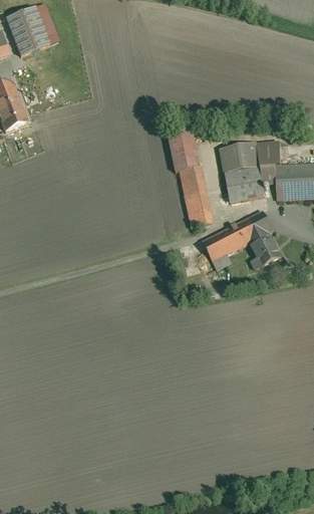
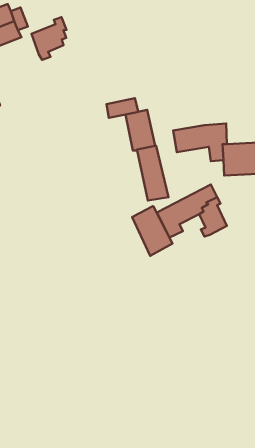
building: none -> [31,17,66,60]
building: none -> [106,98,138,118]
building: [224,168,264,202] -> none
building: none -> [132,206,173,256]

